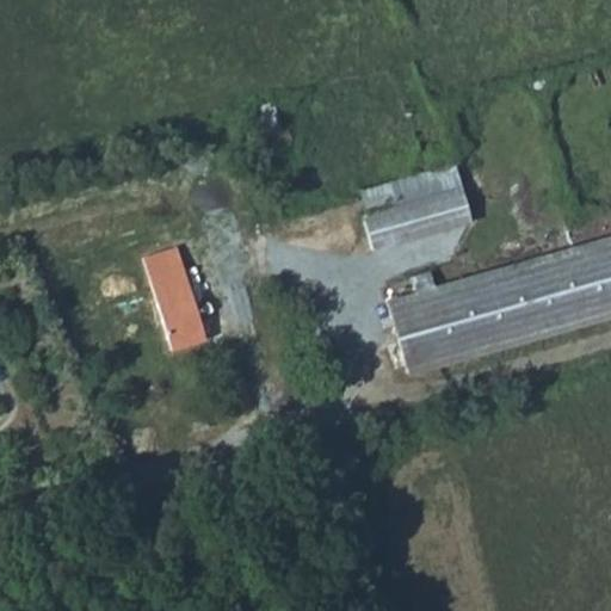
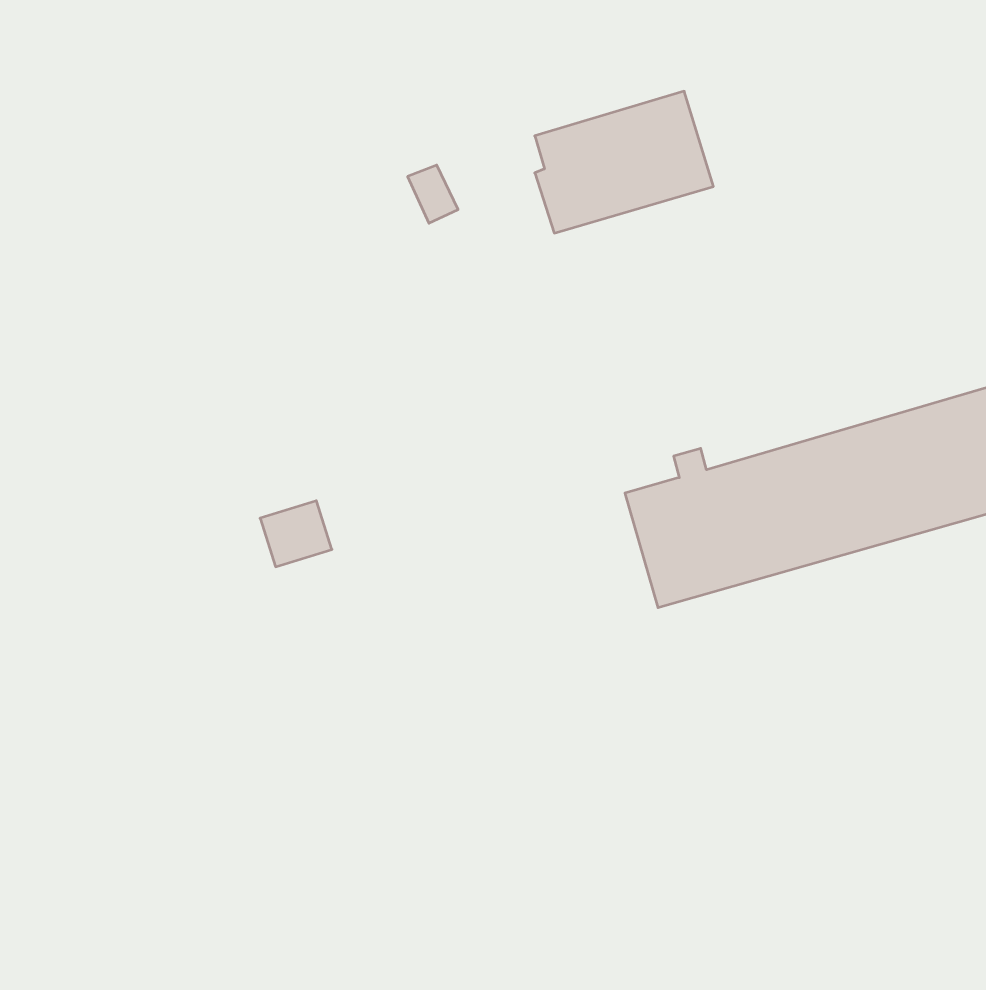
building: [363,162,473,249] -> [535,91,713,233]
building: [146,248,198,319] -> none

